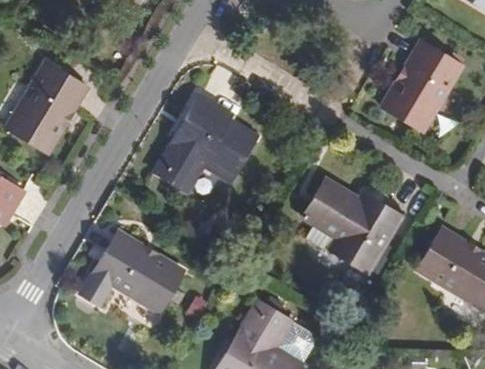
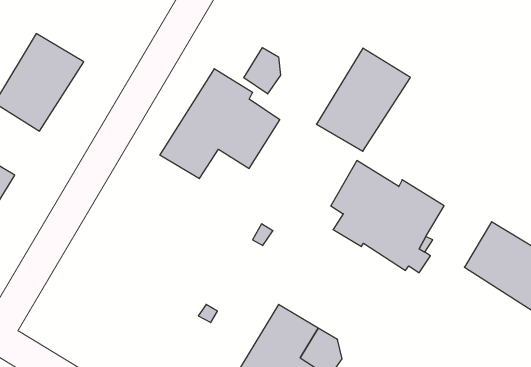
building: [380,39,463,130] -> [316,48,410,151]
building: none -> [244,48,280,94]
building: [75,230,181,311] -> none

